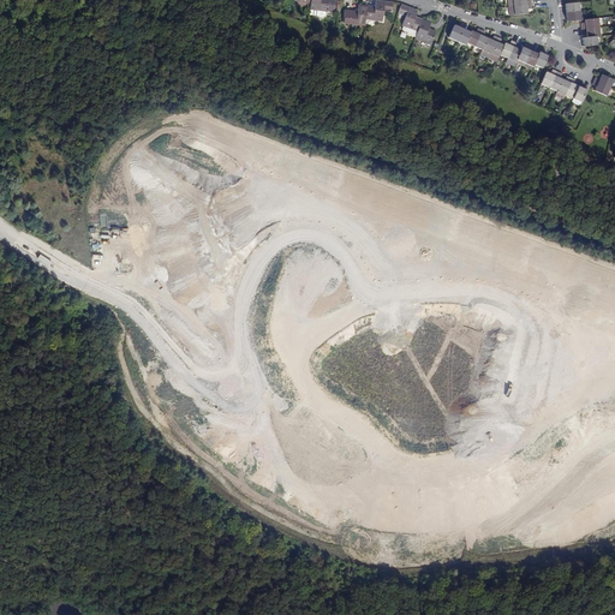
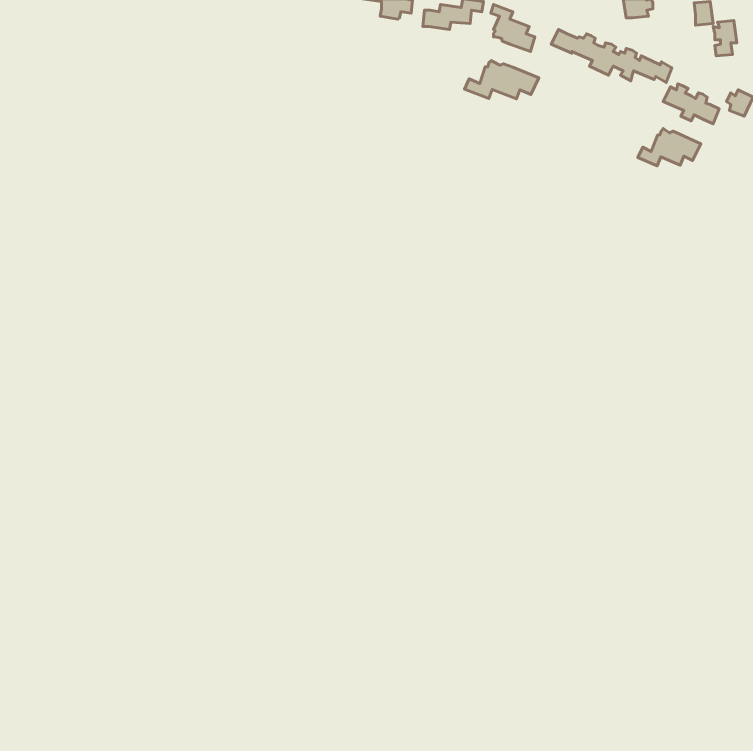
building: none -> [464,60,539,99]
building: none -> [638,128,701,166]

